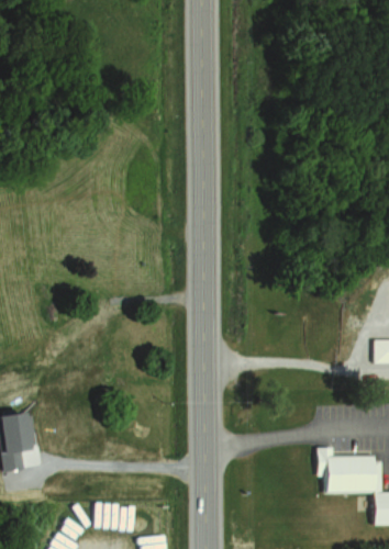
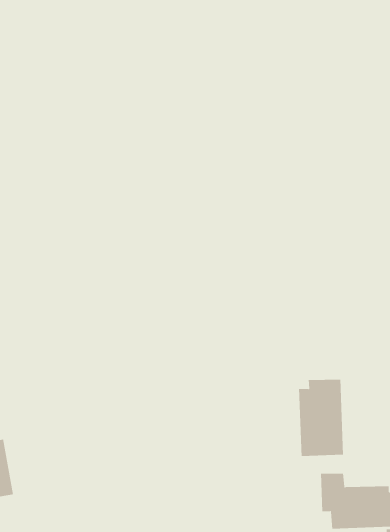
building: none -> [299,379,344,457]

